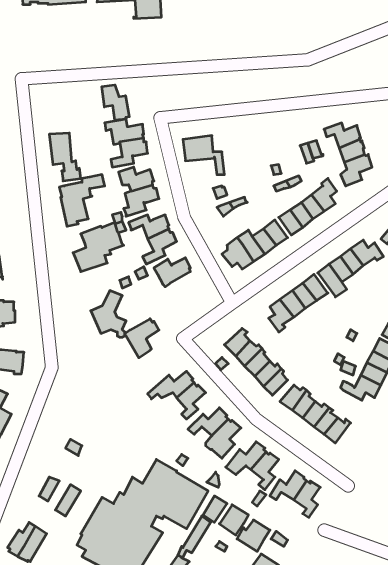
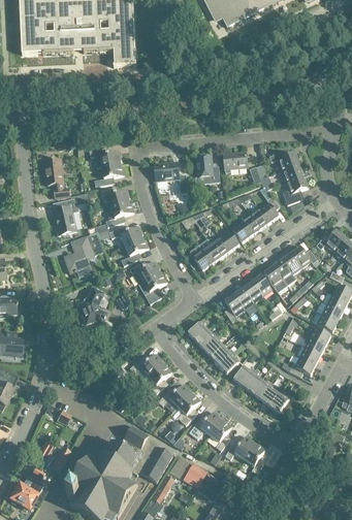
building: [102,85,129,120] -> none
building: none -> [222,152,247,172]
building: none -> [195,155,219,184]
building: [125,319,159,358] -> [138,272,166,304]

